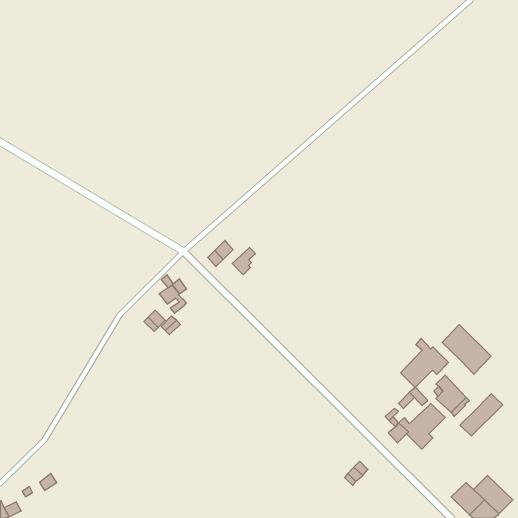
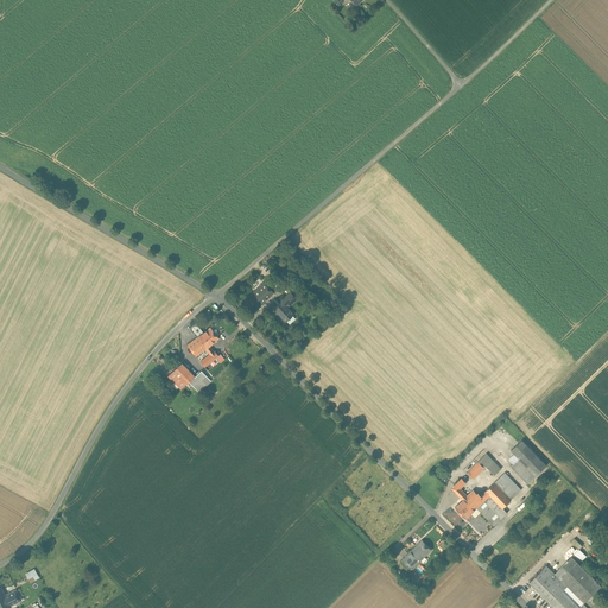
building: [442,325,491,374] -> none
building: [401,338,449,387] -> none
building: [460,394,503,436] -> none

